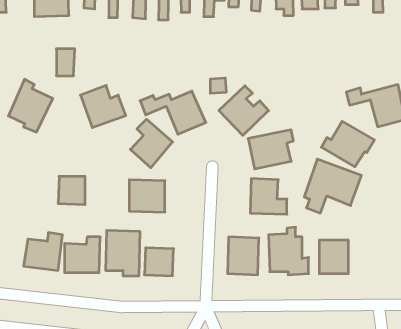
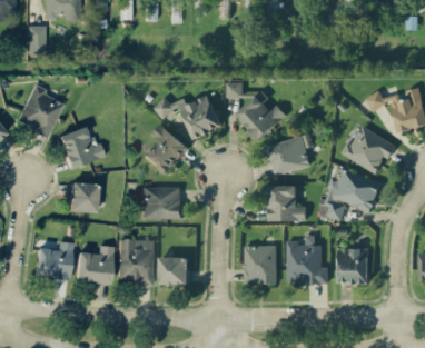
building: [56,49,75,76] -> [28,26,47,53]
building: [80,85,126,128] -> [58,126,105,169]

